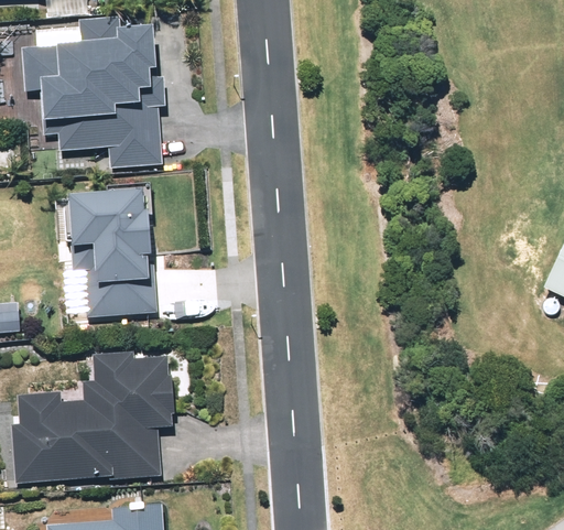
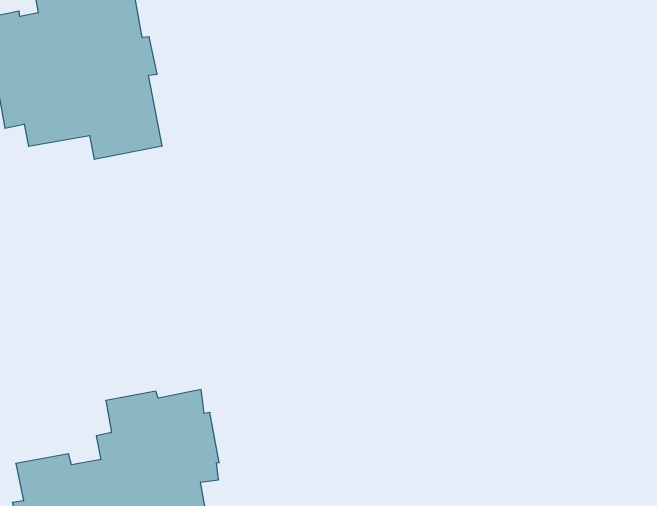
building: [69,195,156,316] -> none

